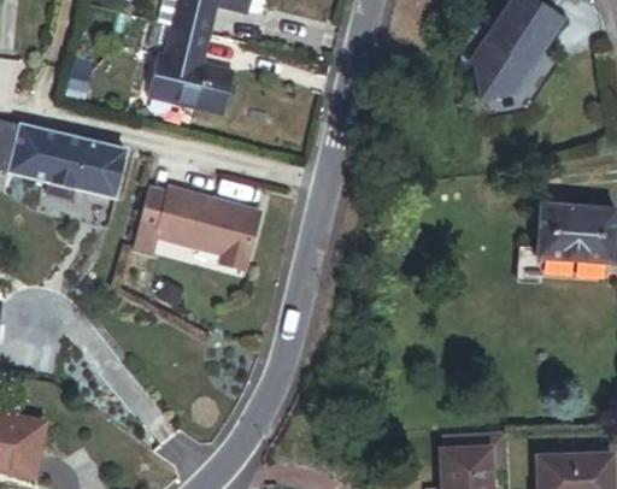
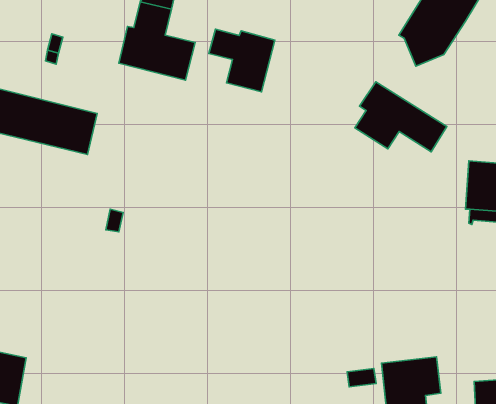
building: none -> [209,29,275,92]
building: none -> [355,82,447,152]
building: [155,192,259,272] -> none

